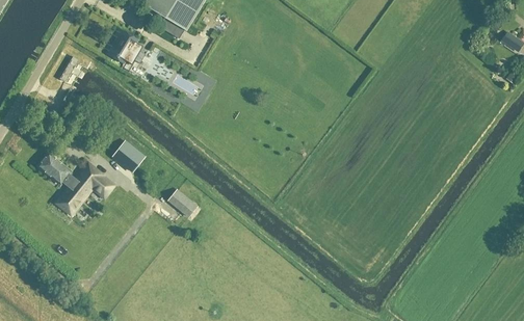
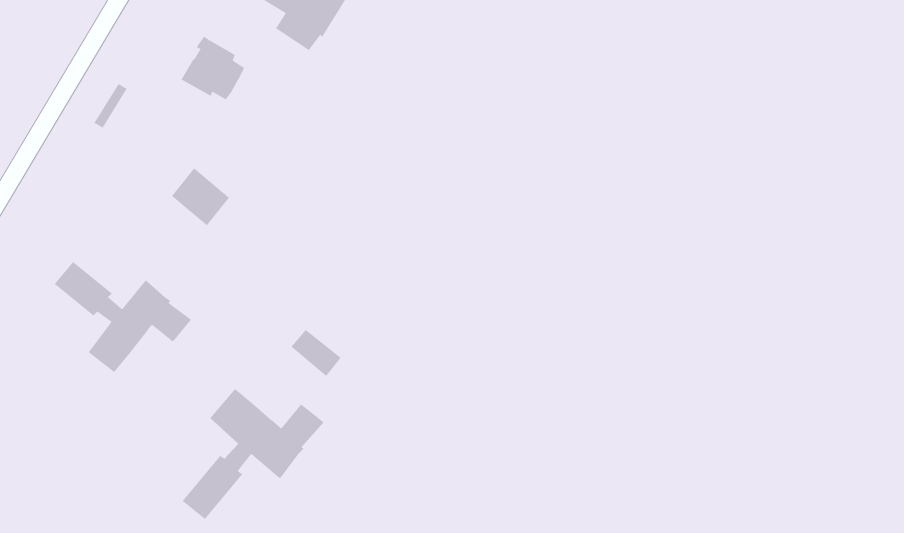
building: [111,141,143,173] -> [171,168,230,226]
building: none -> [182,388,324,520]

